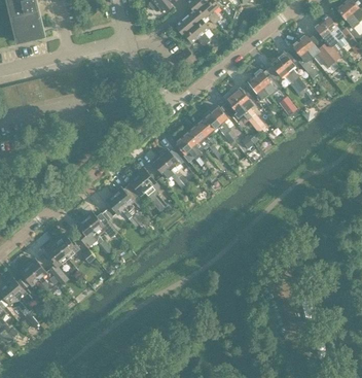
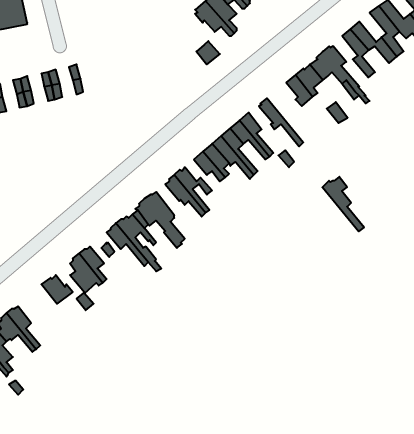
building: [232,87,265,130] -> [322,177,364,231]
building: [45,242,68,284] -> none

